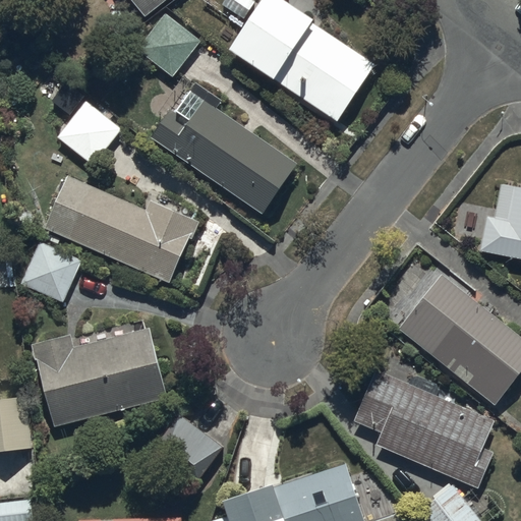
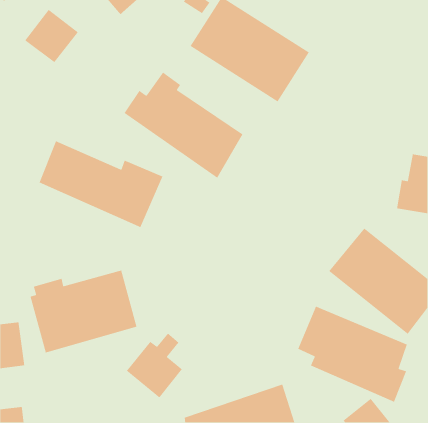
building: [136,11,201,75] -> none
building: [55,93,121,159] -> [24,9,79,63]
building: [22,235,81,295] -> none

